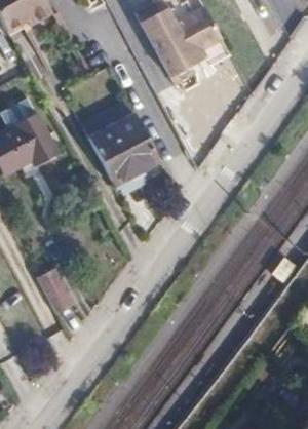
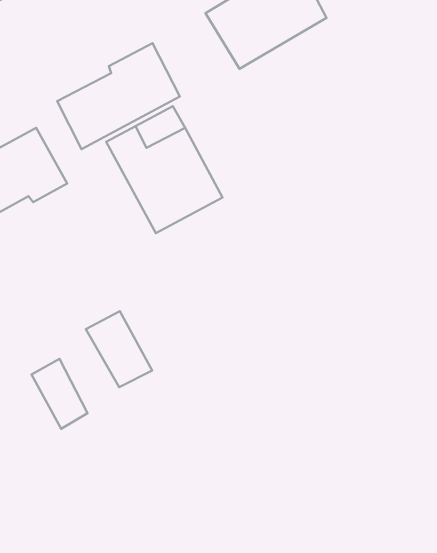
building: none -> [57,43,180,149]
building: none -> [86,311,152,387]

